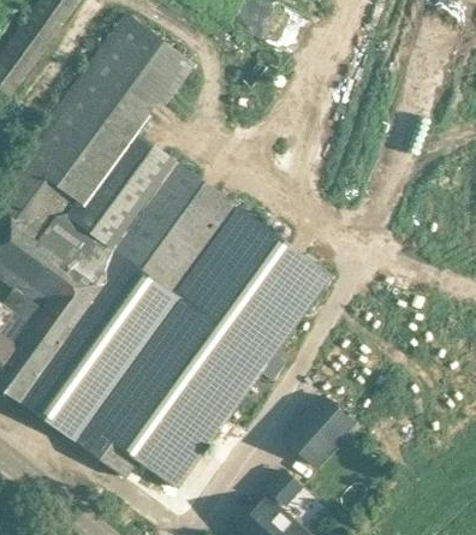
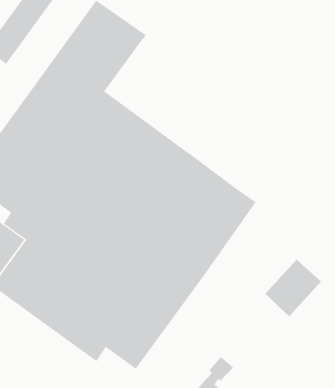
building: [282,396,356,470] -> [265,259,322,317]

